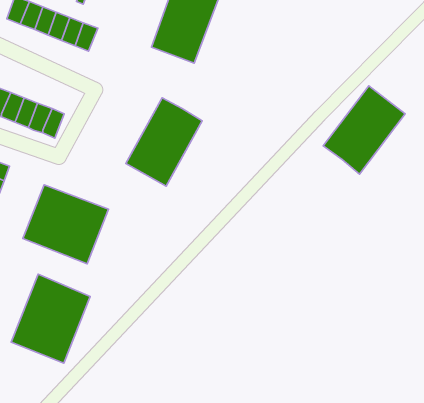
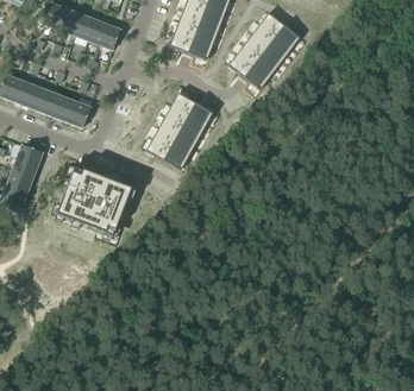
building: [323,86,405,174] -> [227,12,300,90]
building: [11,274,90,363] -> none

